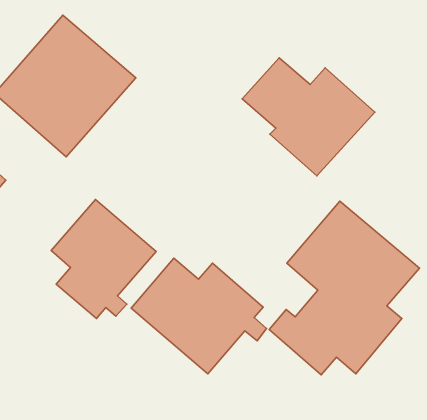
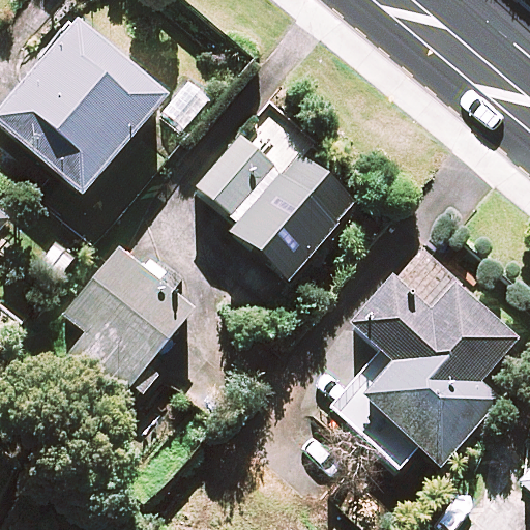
building: [242,58,375,176] -> [196,131,359,277]
building: [131,258,267,374] -> none

